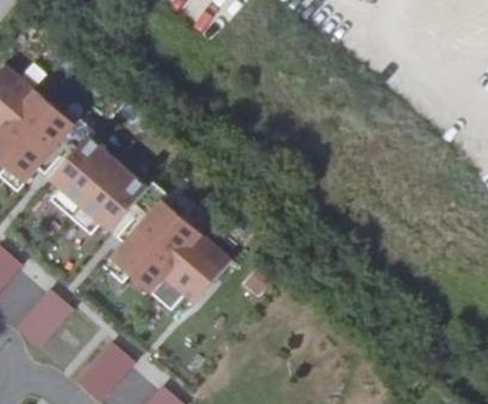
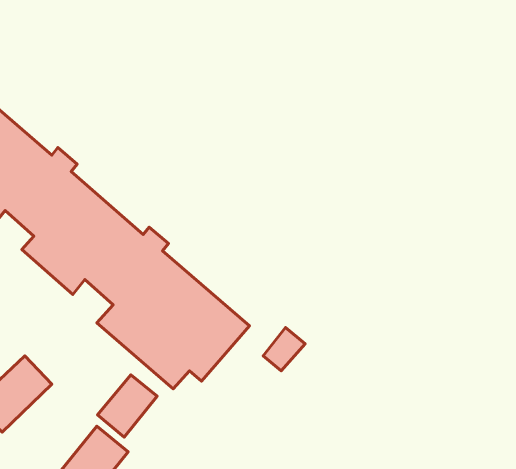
building: none -> [98,375,157,437]

